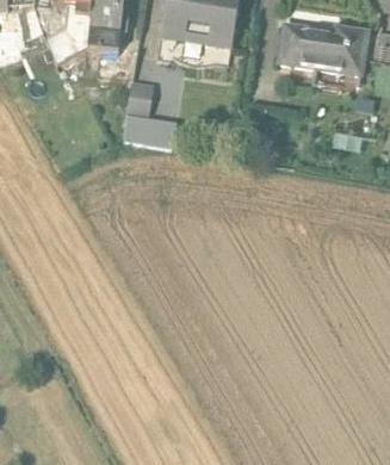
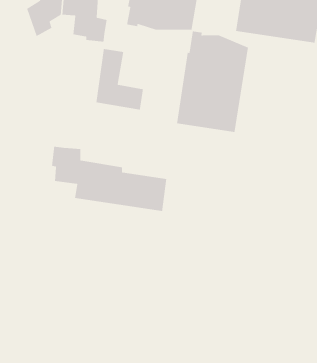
building: none -> [176,30,249,133]
building: none -> [51,146,167,212]

